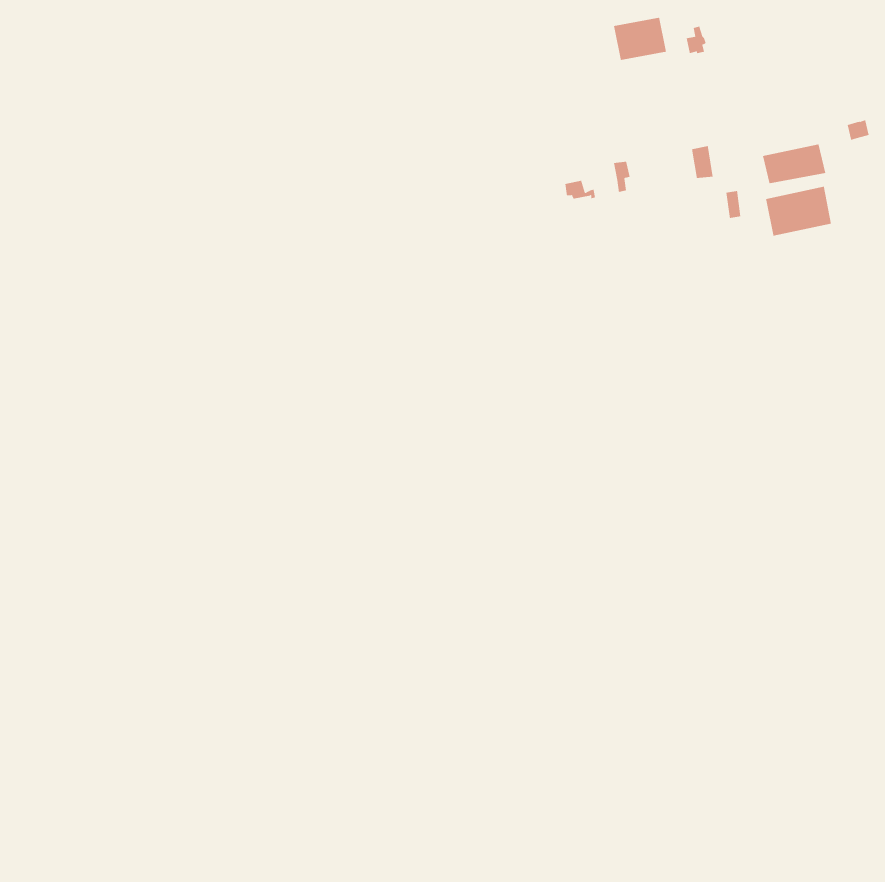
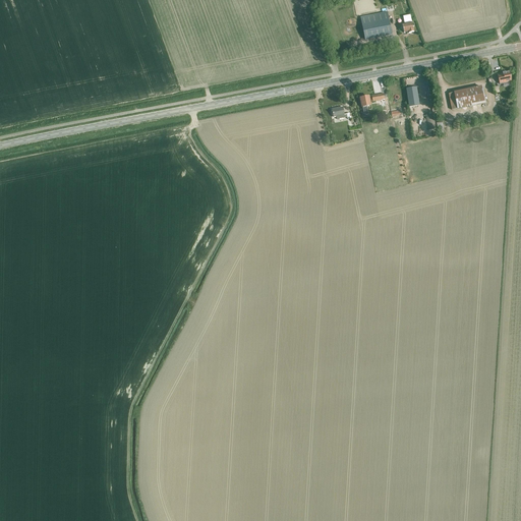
building: [766,186,831,237] -> none

